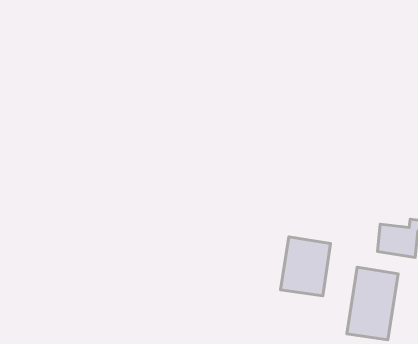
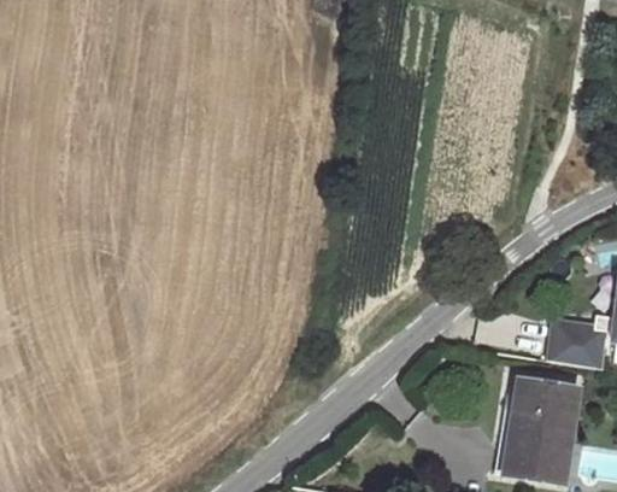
building: [281,237,331,296] -> none

